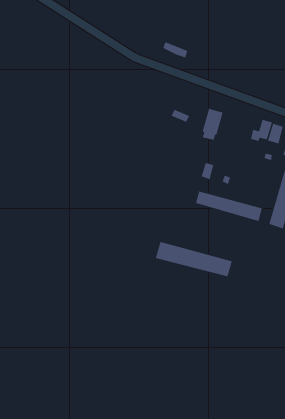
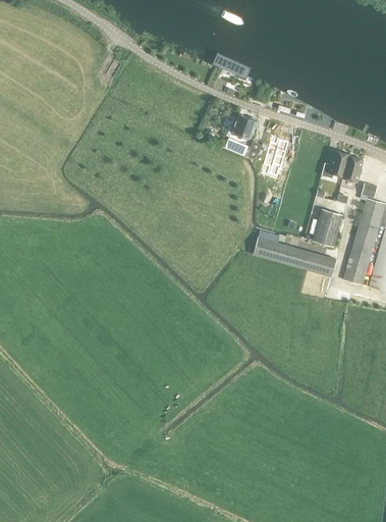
building: none -> [231,113,256,138]
building: none -> [311,208,341,246]
building: [155,241,232,277] -> none

